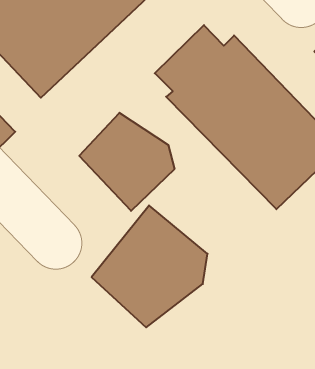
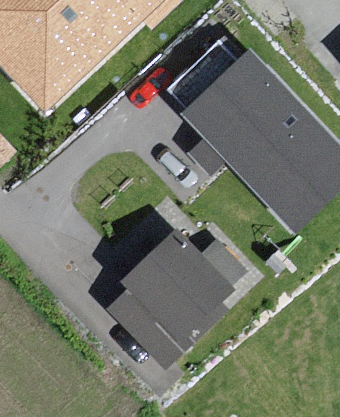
building: [79,113,174,211] -> none

